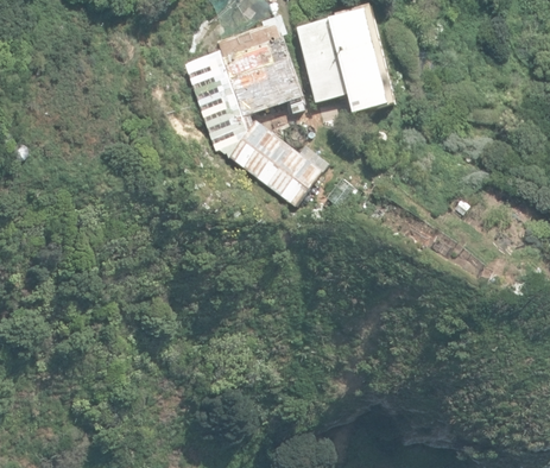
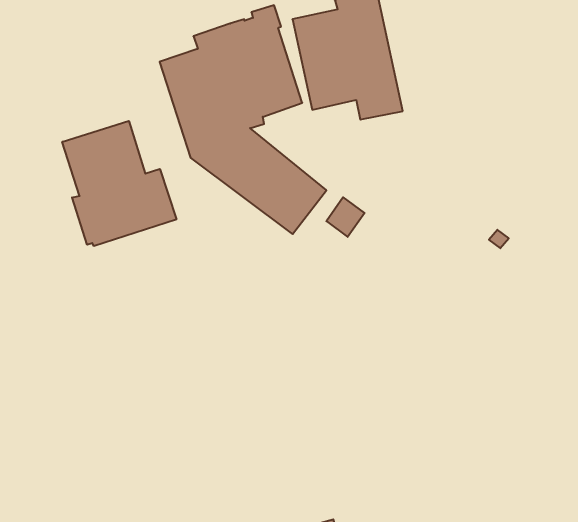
building: none -> [62,121,176,246]

